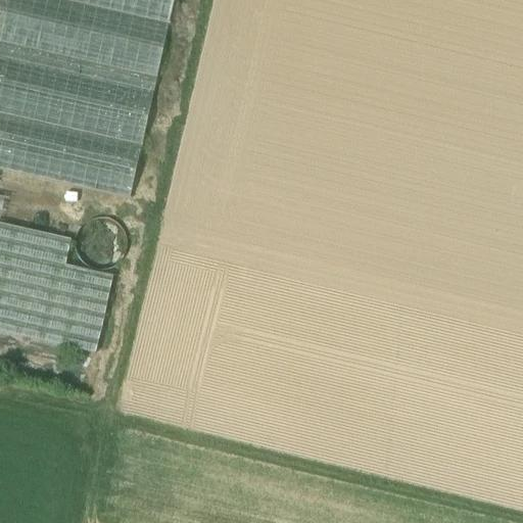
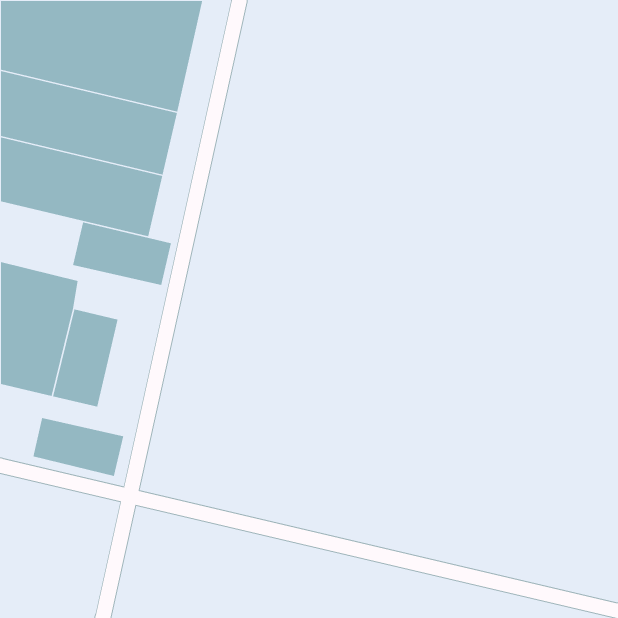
building: none -> [72,221,172,286]
building: none -> [32,417,124,477]

